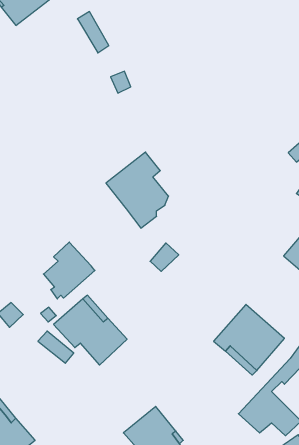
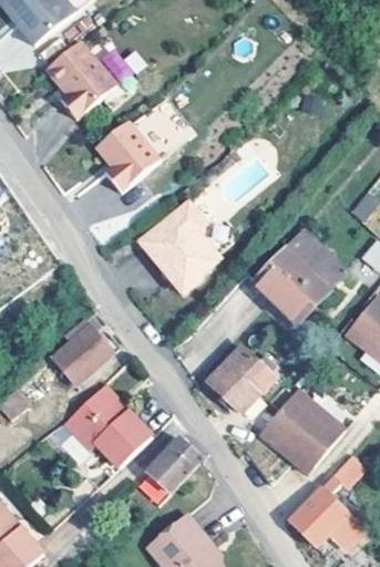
building: none -> [35,47,106,123]
building: none -> [88,125,152,196]
building: none -> [255,229,350,323]
building: none -> [205,346,278,414]
building: none -> [148,434,204,492]

